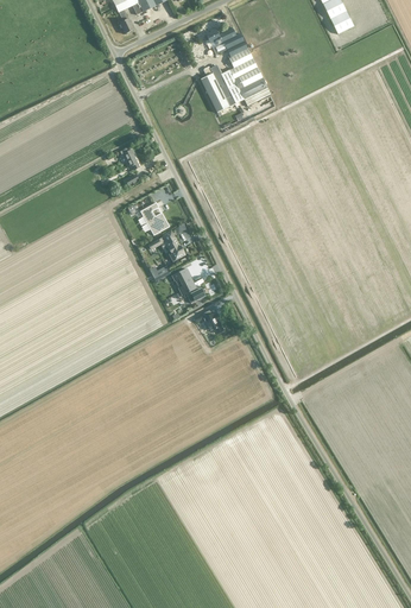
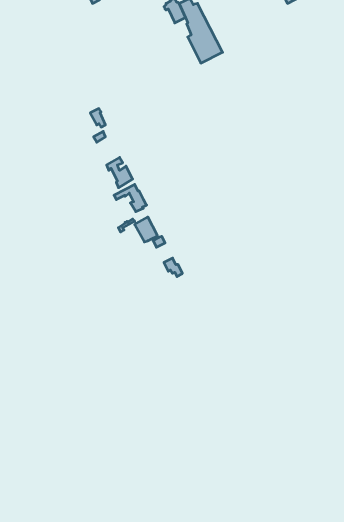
building: [201,63,235,110] -> none

